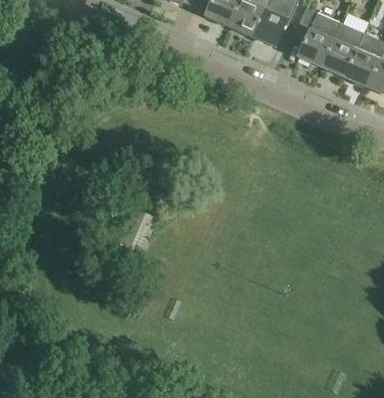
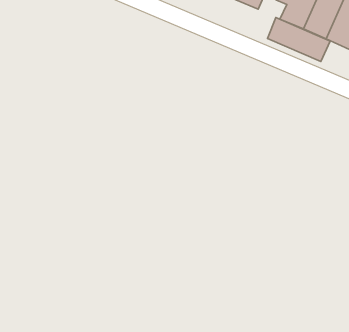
building: none -> [267,17,330,62]

